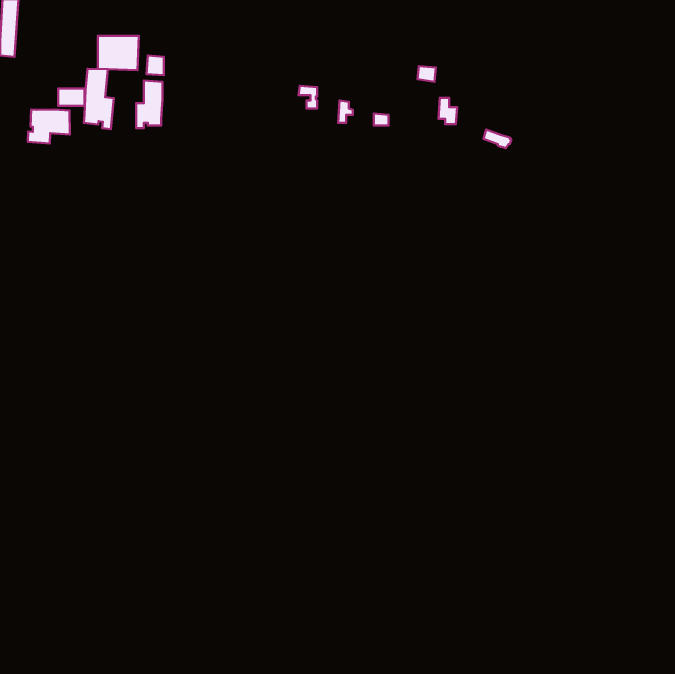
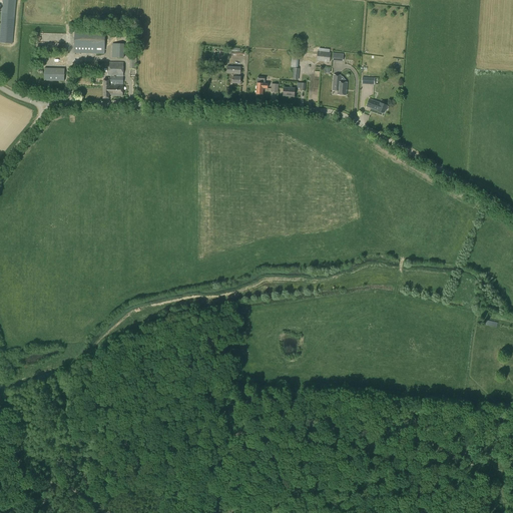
building: [84,69,114,129] -> none
building: [28,109,70,143] -> none

